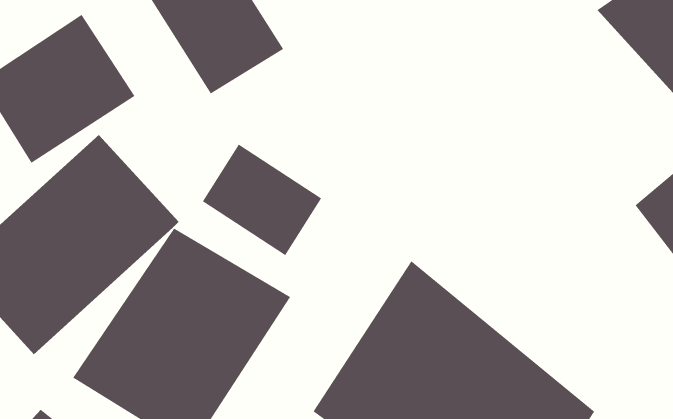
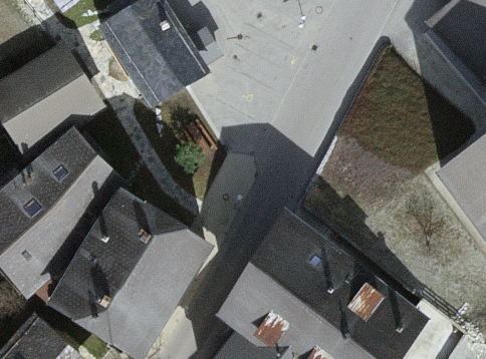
building: [202,144,322,256] -> none

